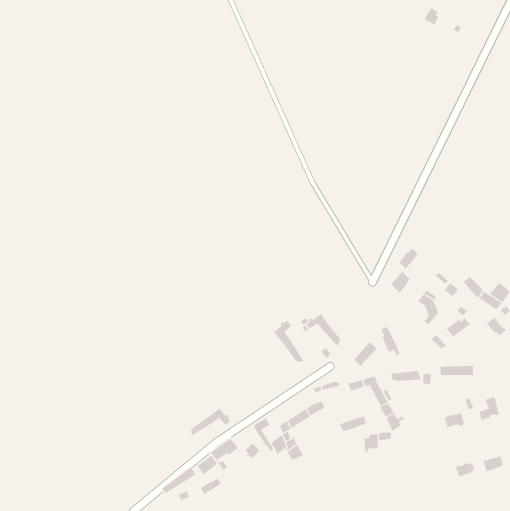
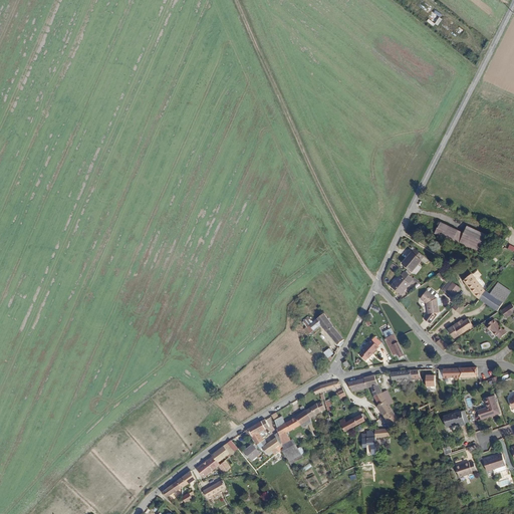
building: none -> [436,221,490,252]
building: [273,320,304,363] -> none
building: [191,407,231,436] -> none

